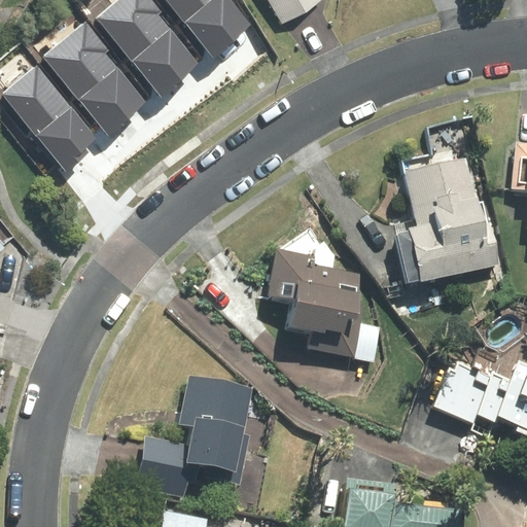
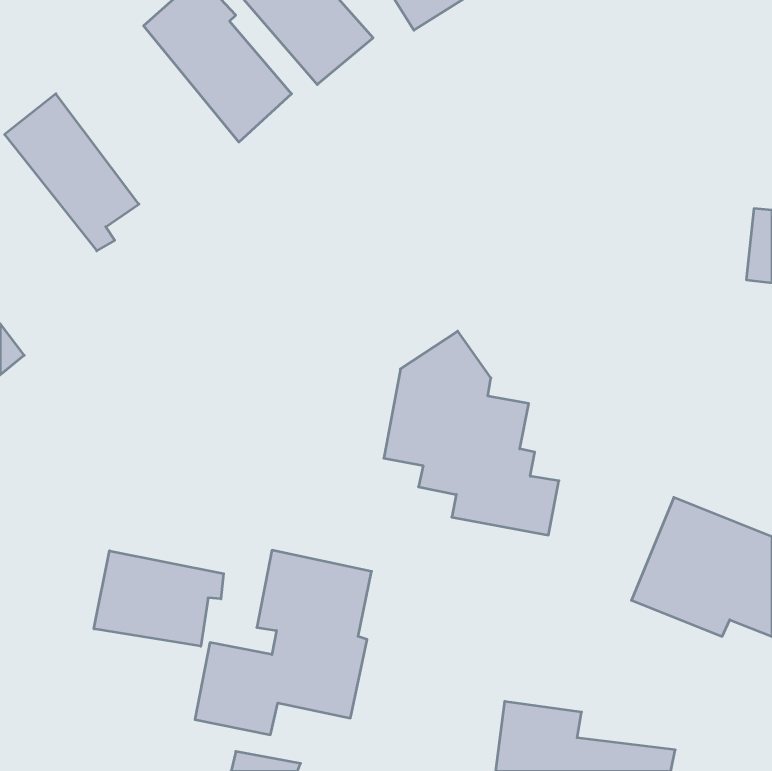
building: [46,21,143,128] -> none
building: [390,155,498,288] -> none
building: none -> [94,551,224,646]

